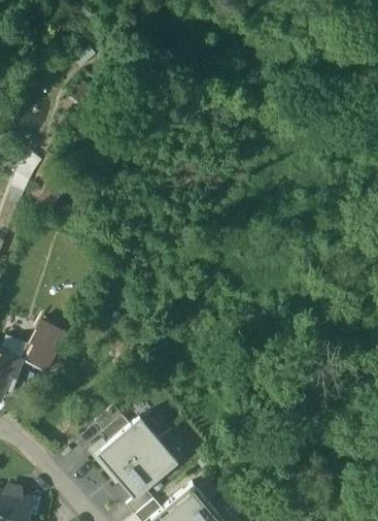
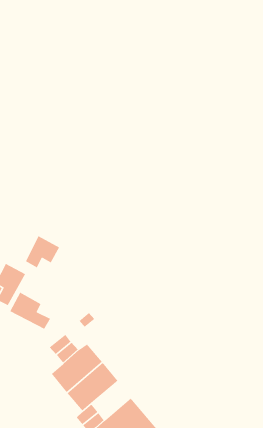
building: none -> [25,235,60,269]
building: none -> [9,292,51,330]

